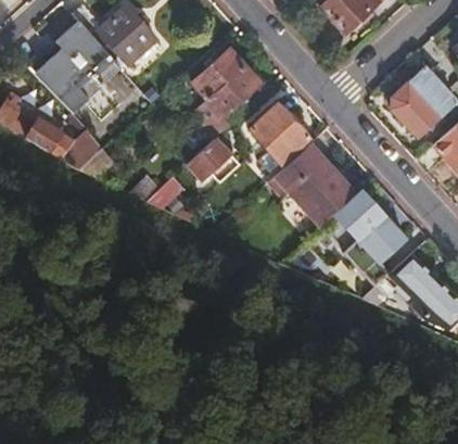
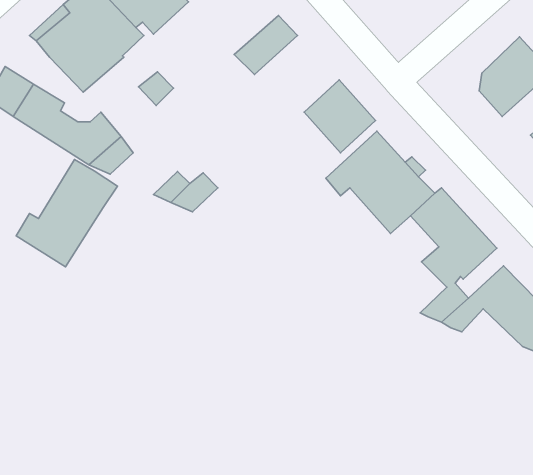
building: [207,66,260,116] -> none
building: [187,137,236,177] -> none
building: none -> [16,160,118,267]

